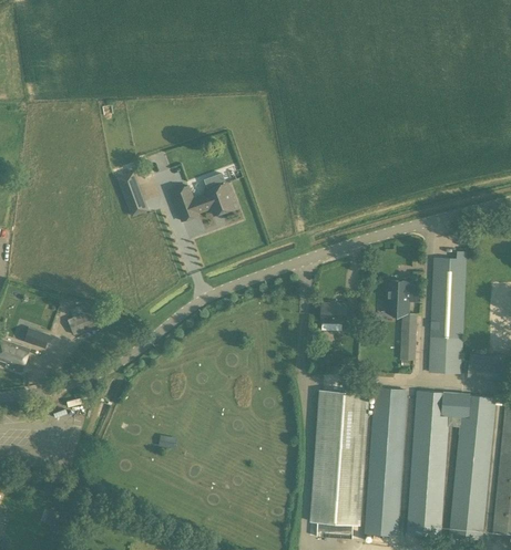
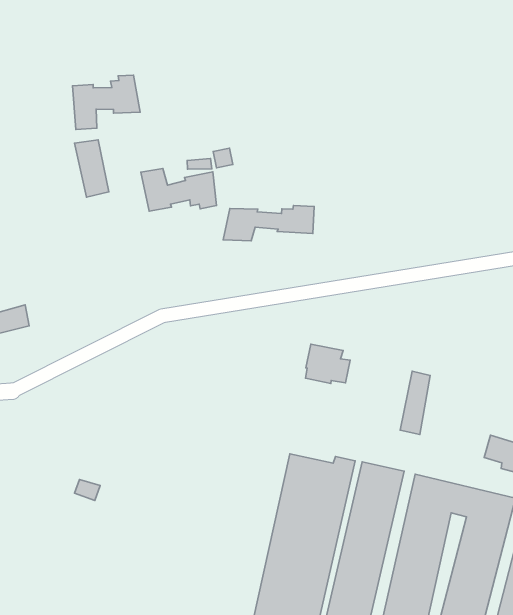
building: none -> [73,75,140,130]
building: none -> [223,205,314,241]
building: [428,251,467,373] -> none
building: [387,281,418,309] -> none

